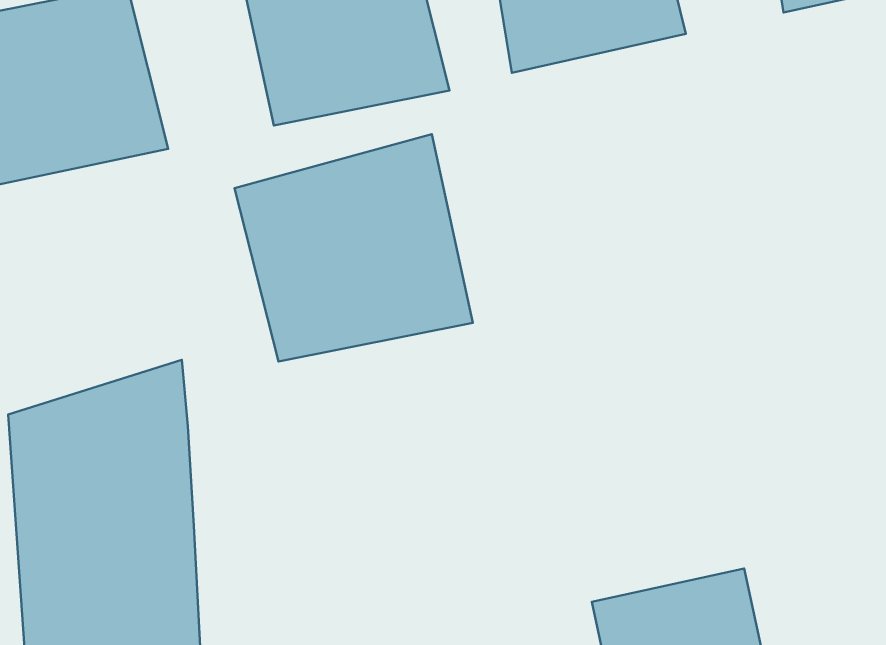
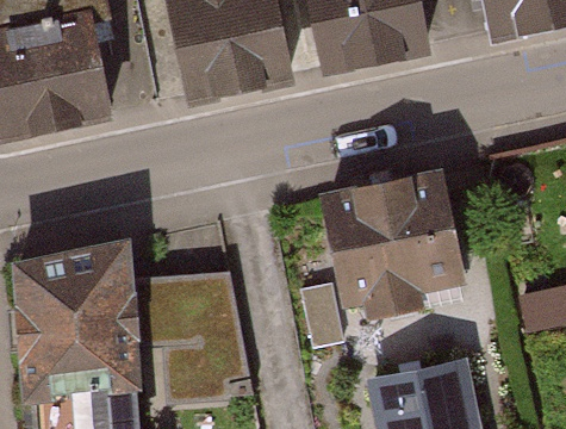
building: [235,134,473,362] -> none
building: none -> [318,178,459,319]
building: none -> [126,271,254,398]

